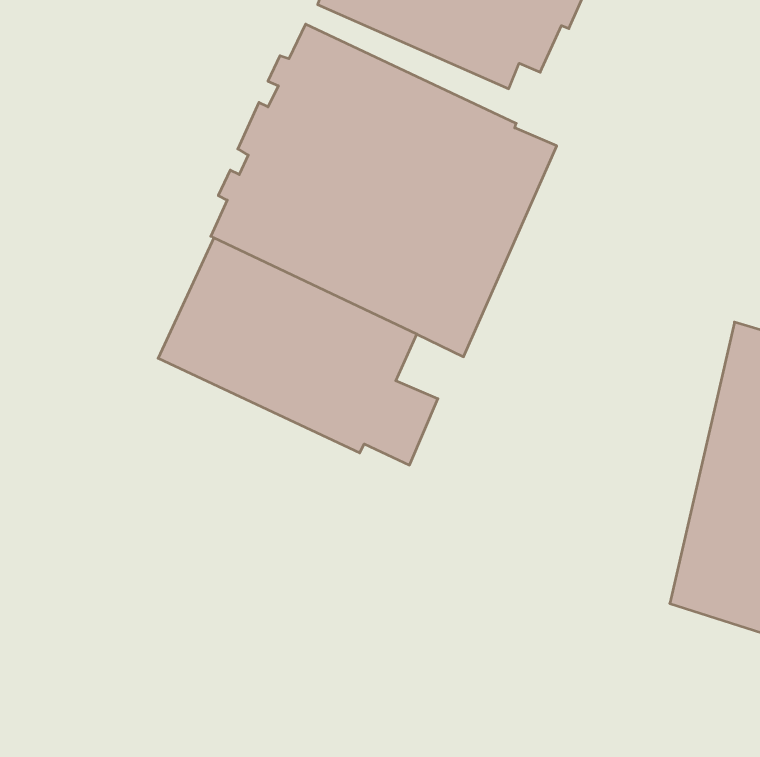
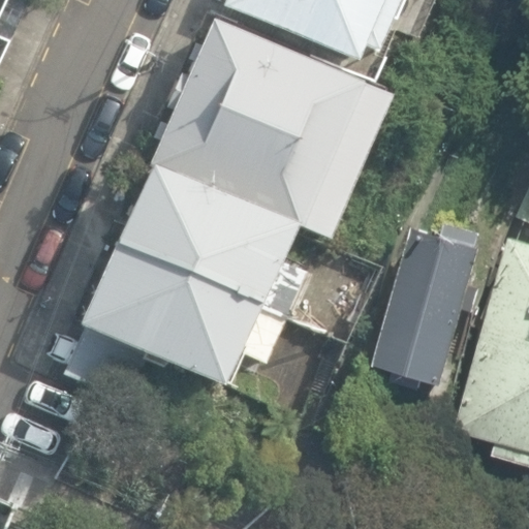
building: none -> [384,213,490,371]
building: none -> [77,246,287,390]

